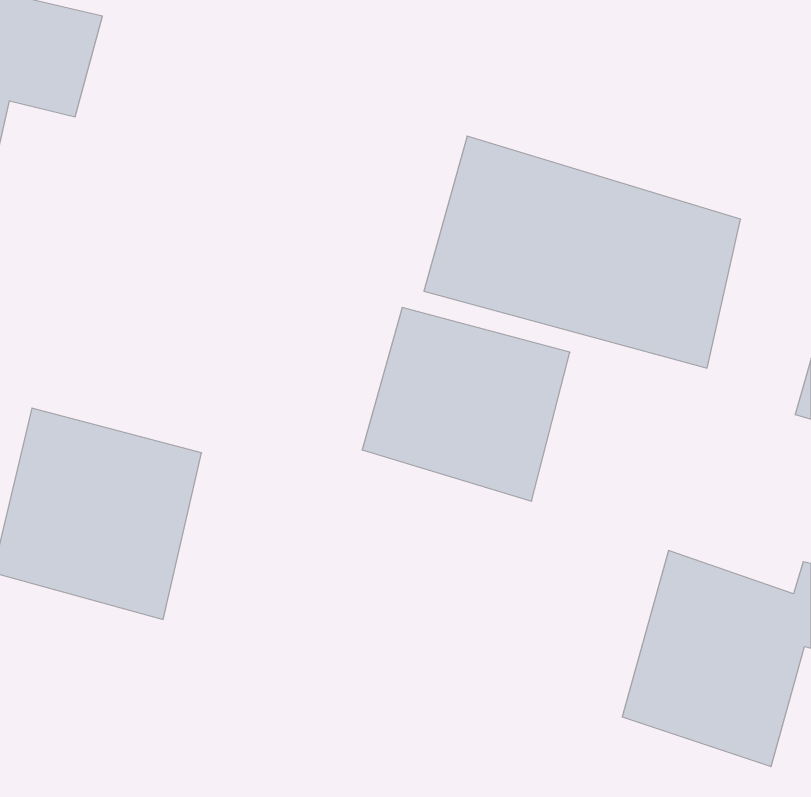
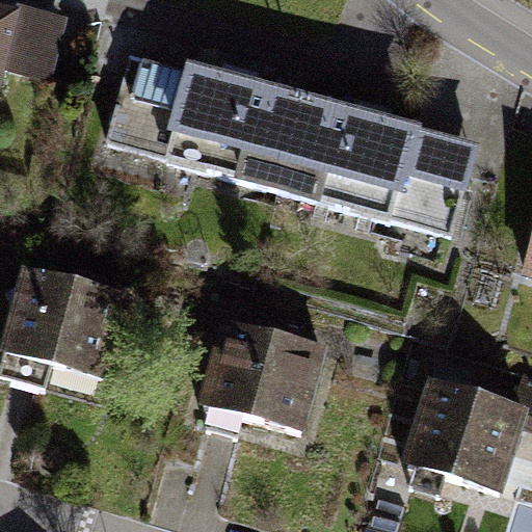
building: none -> [101,46,303,189]
building: [362,308,570,501] -> [193,317,328,443]

